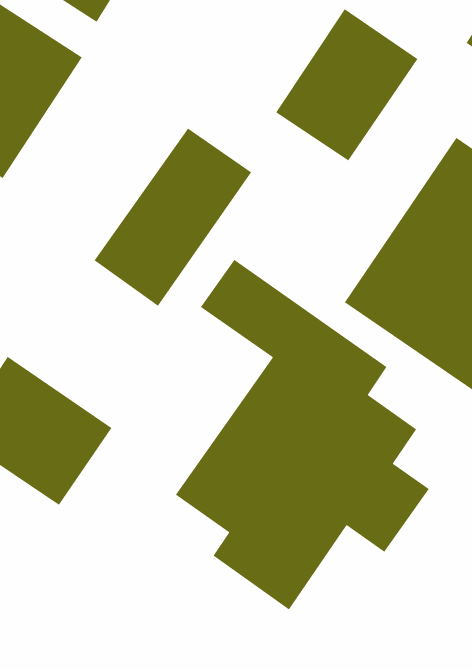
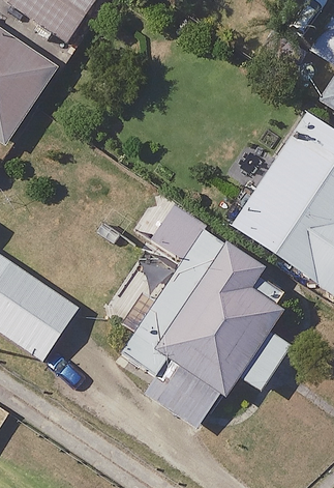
building: [275,8,418,162] -> none
building: [94,127,252,307] -> none

